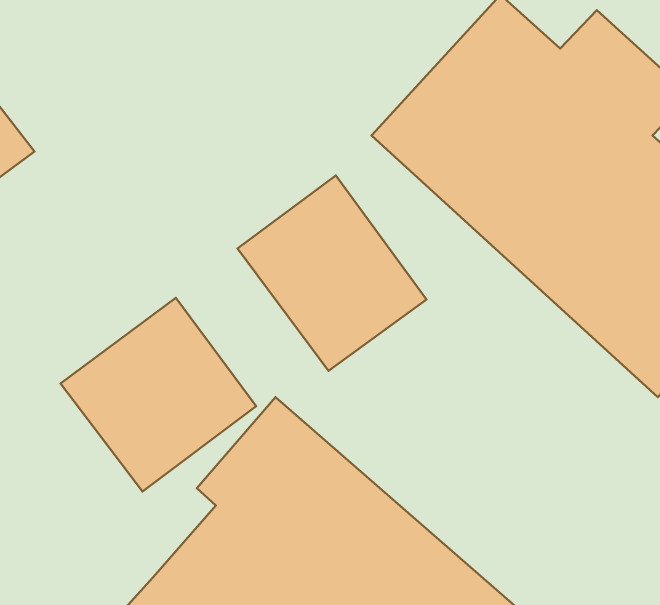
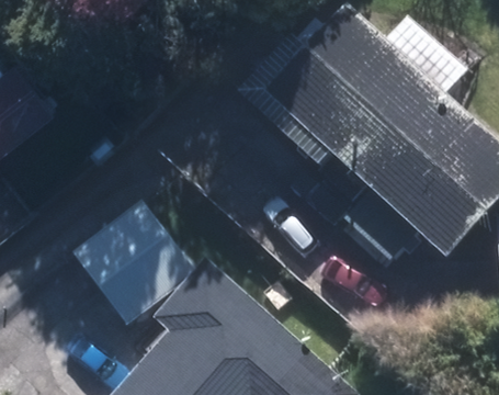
building: [237,175,427,371] -> none

